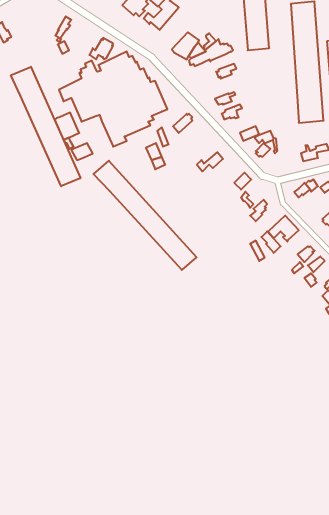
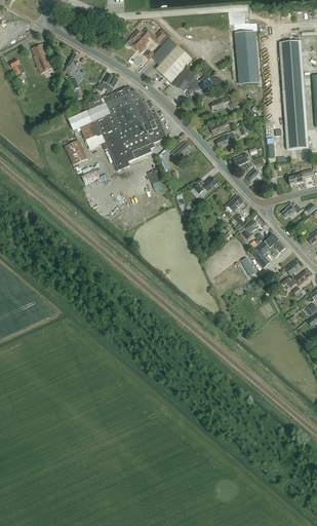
building: none -> [32,42,54,73]
building: none -> [156,44,193,82]
building: [11,67,80,186] -> none
building: [94,161,196,270] -> none

